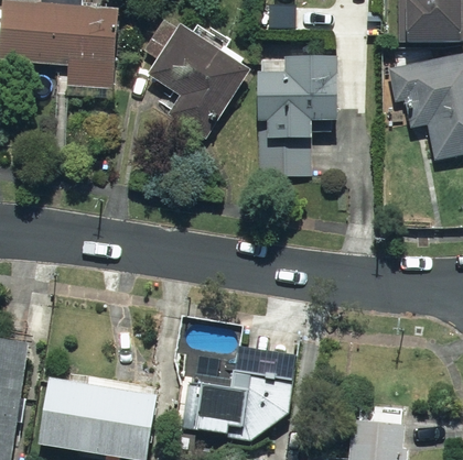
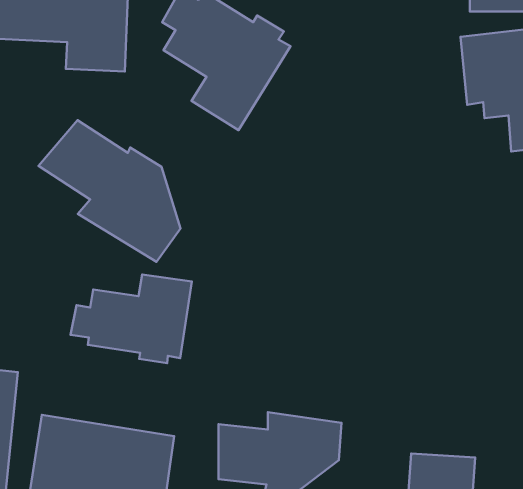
building: [258,56,368,174] -> none
building: none -> [38,120,181,262]
building: none -> [70,274,192,363]

